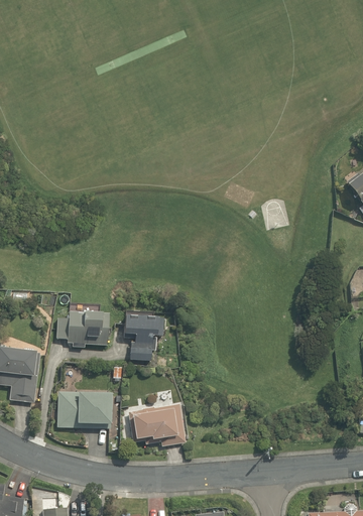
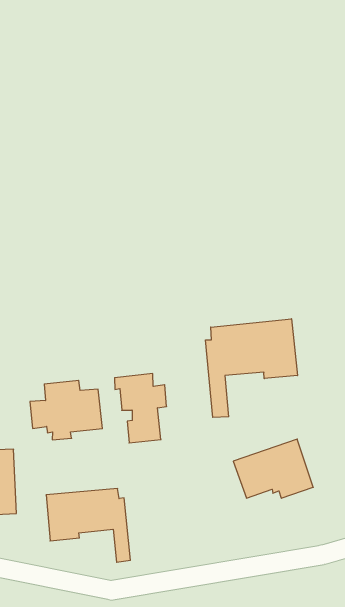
building: none -> [206,319,297,417]
building: [127,402,187,446] -> [233,439,313,498]

